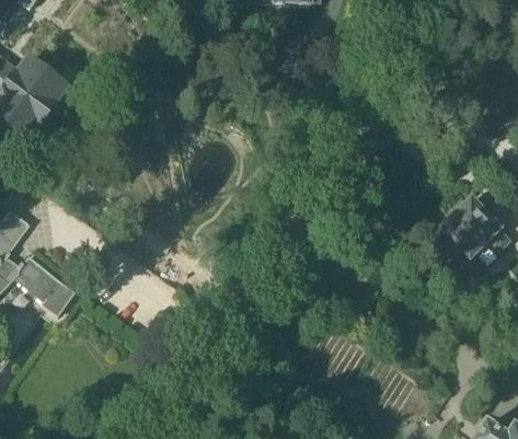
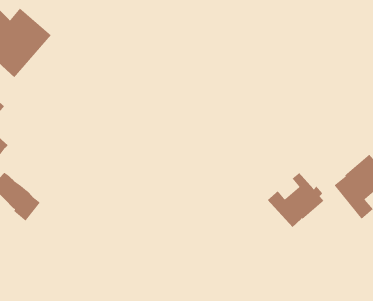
building: none -> [267,172,325,228]

